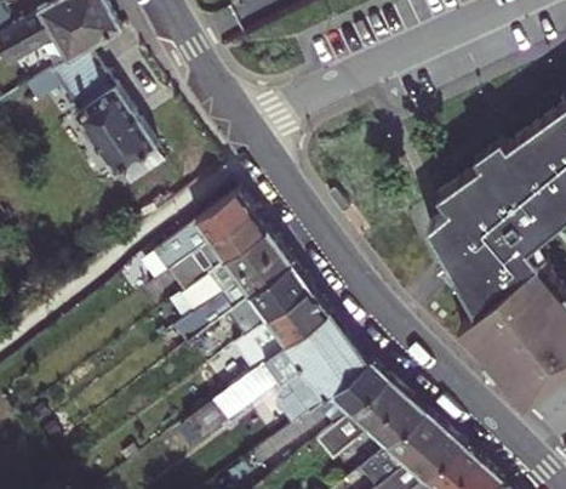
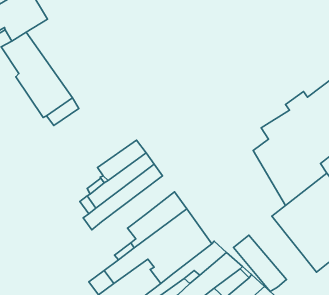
building: [153,188,253,271] -> none
building: [187,263,310,353] -> none
building: none -> [233,235,287,292]

